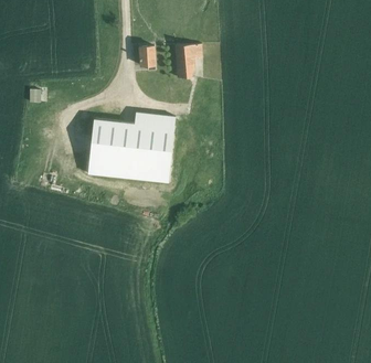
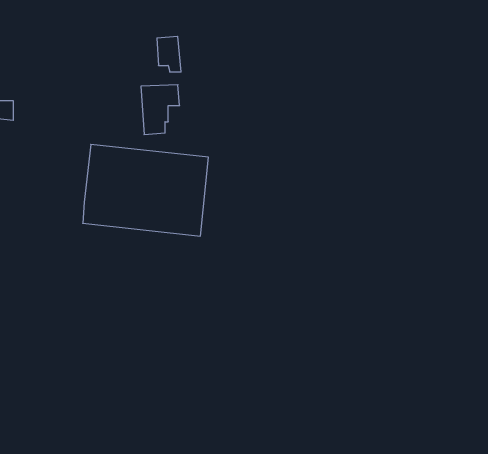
building: [176,43,202,77] -> [141,85,180,135]

